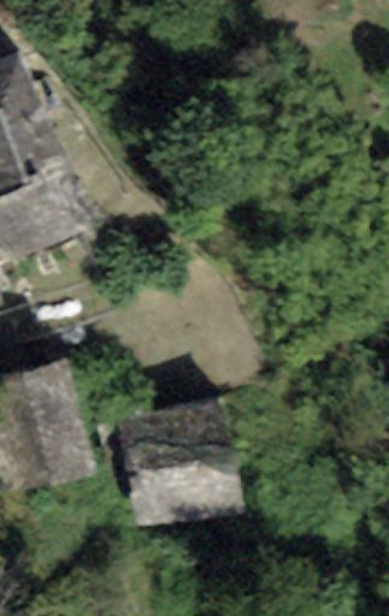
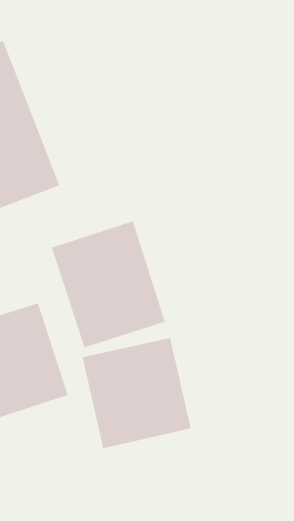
building: none -> [51,221,165,348]

